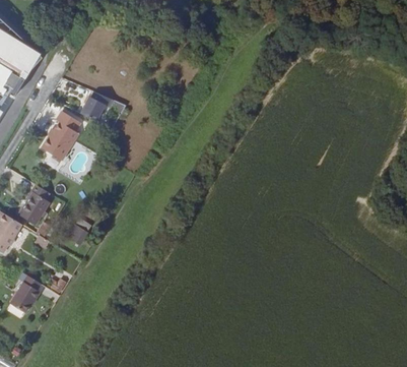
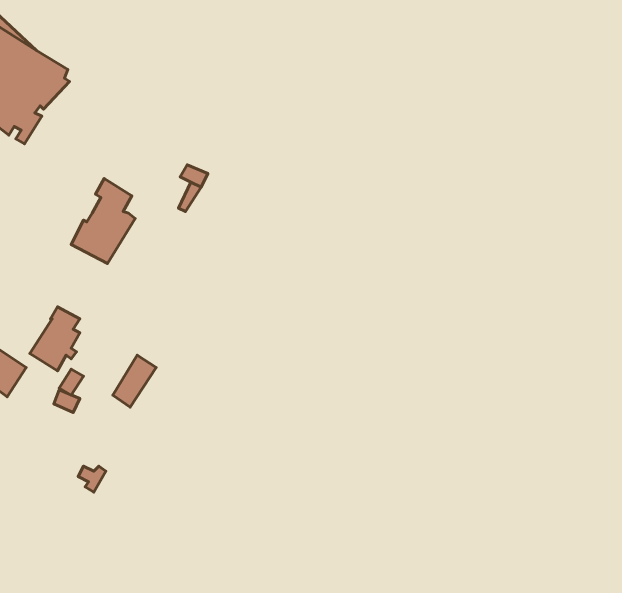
building: [80,95,109,122] -> none
building: [9,277,41,313] -> none

